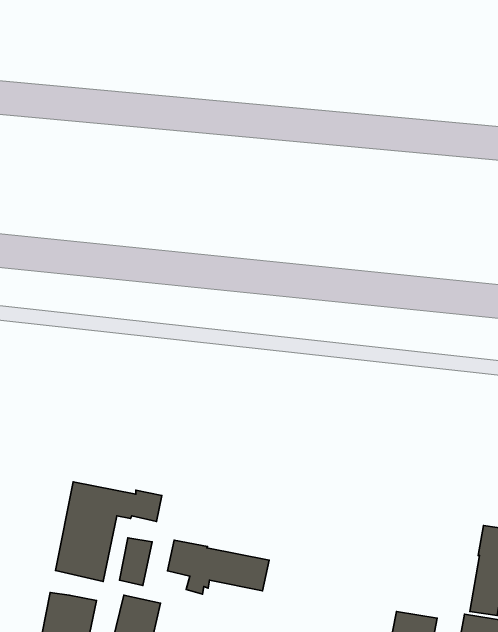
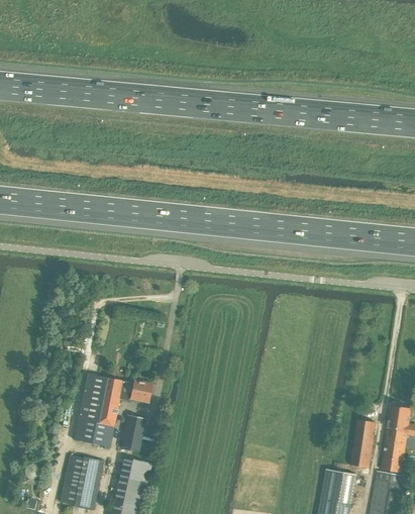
building: [167,540,269,594] -> none
building: none -> [350,420,376,468]

